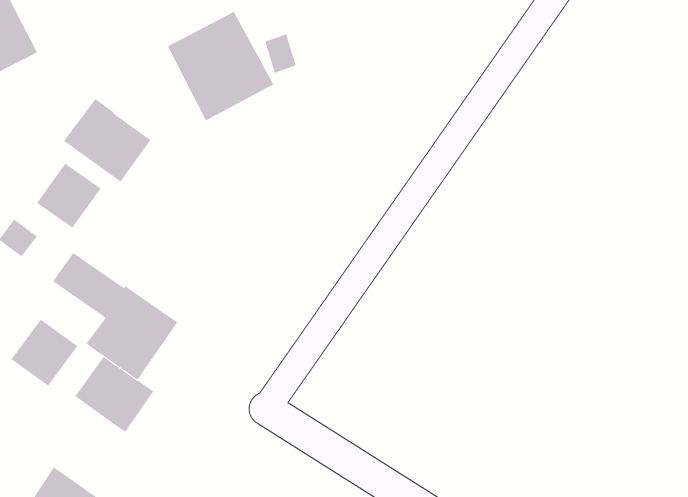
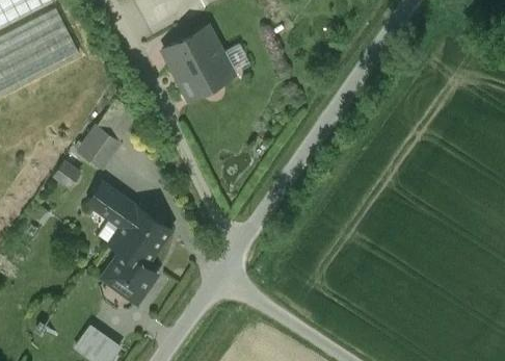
building: [63,98,151,183] -> none
building: [11,319,78,387] -> none

